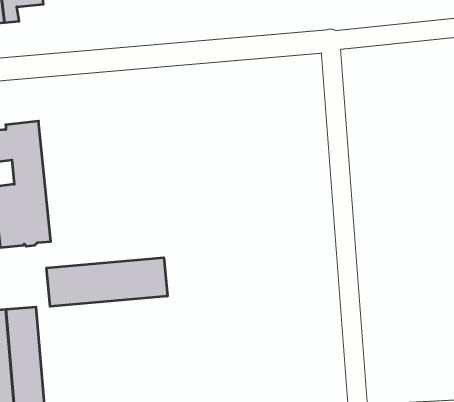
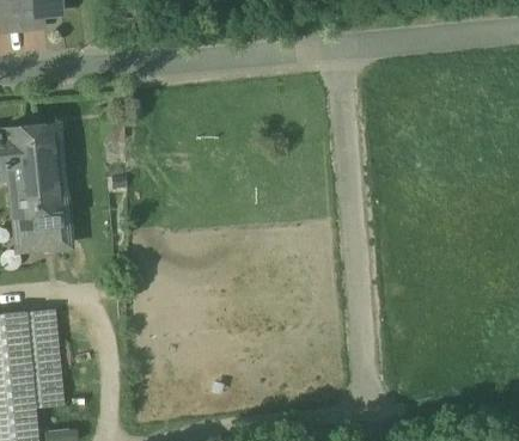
building: [47,258,167,306] -> none

